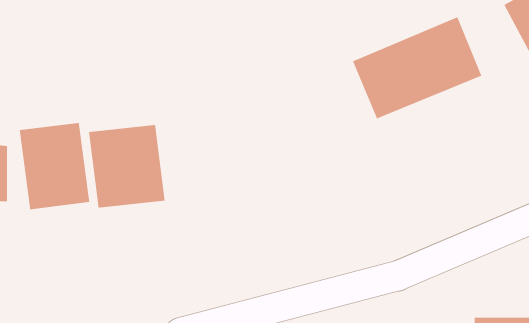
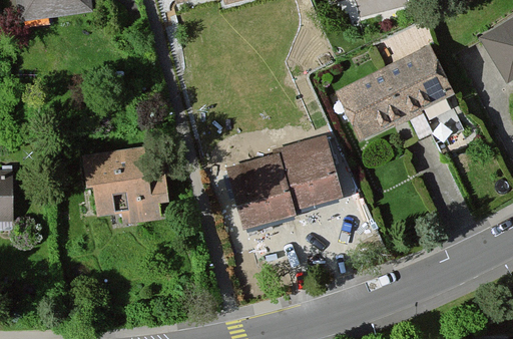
building: none -> [225,136,344,231]
building: [19,122,90,210] -> none

